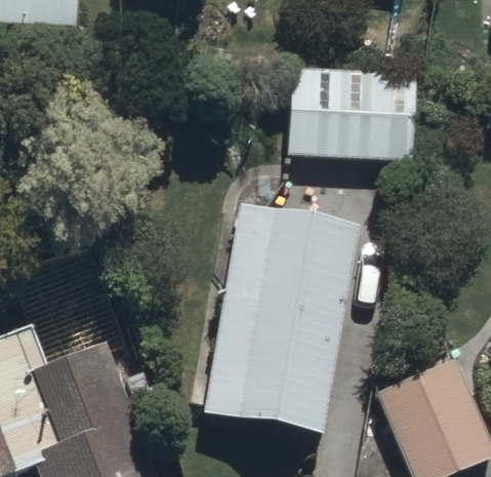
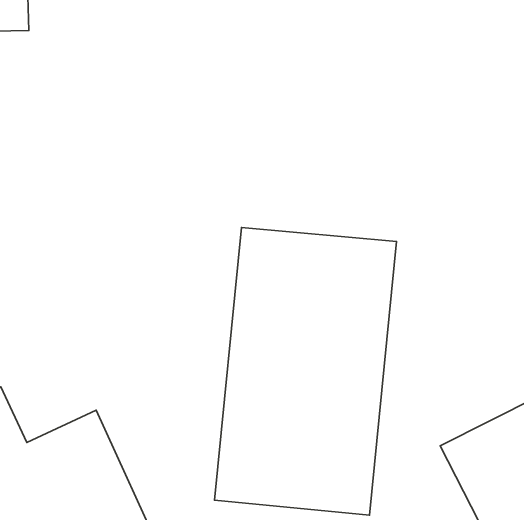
building: [290,66,419,157] -> none

